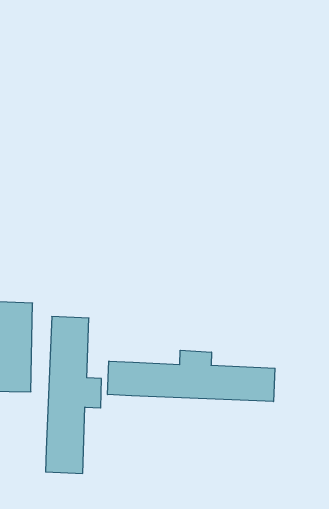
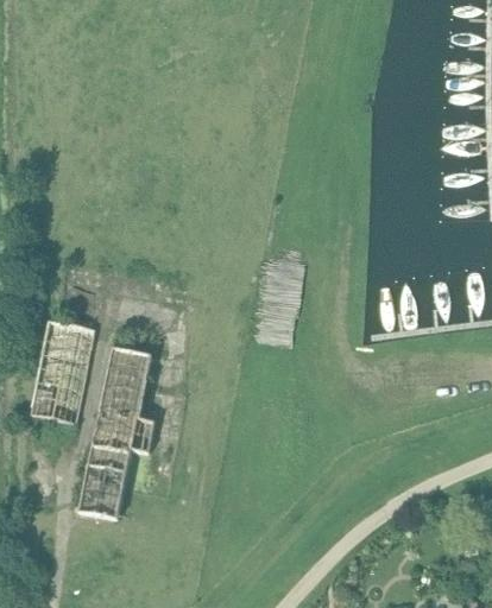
building: [108,350,275,402] -> none

